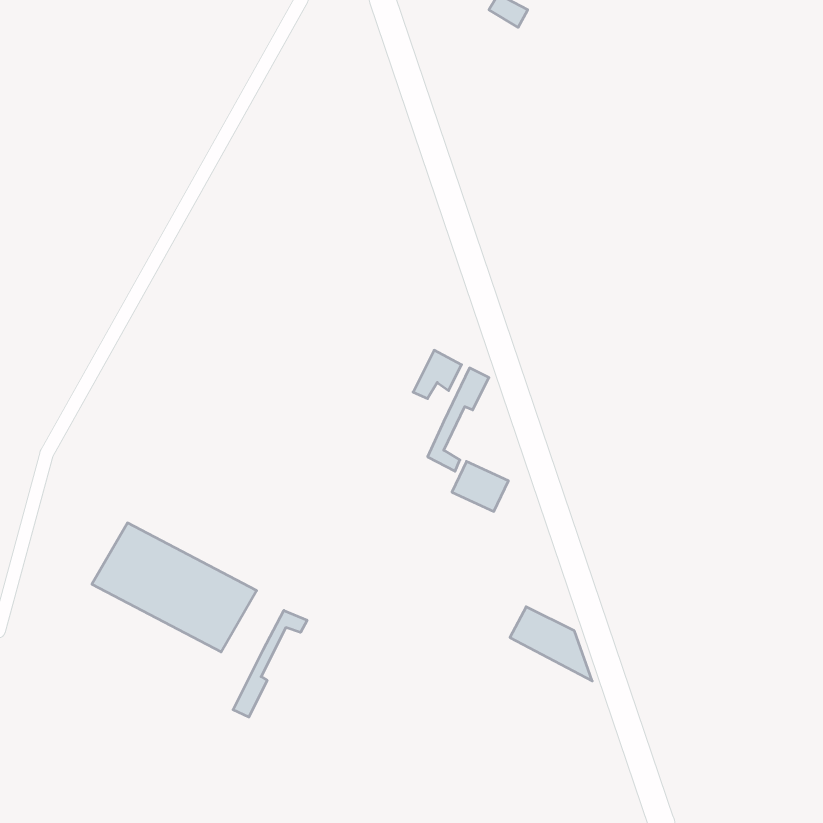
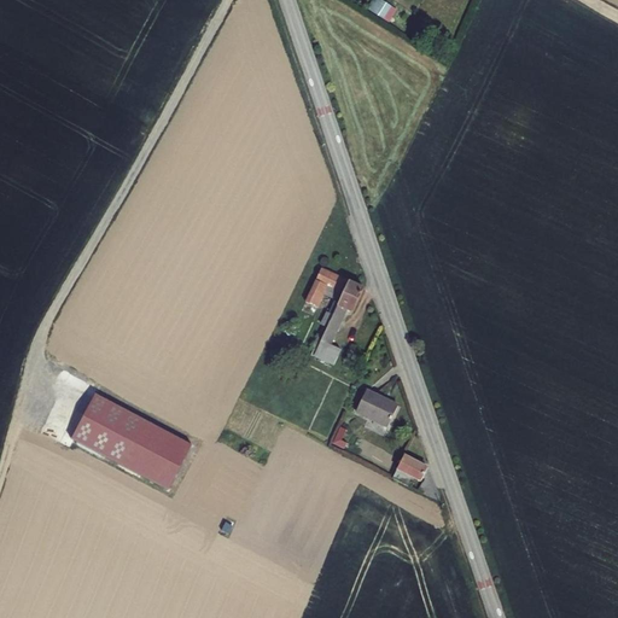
building: [452,461,508,511] -> [354,392,396,430]
building: [233,610,307,717] -> none

